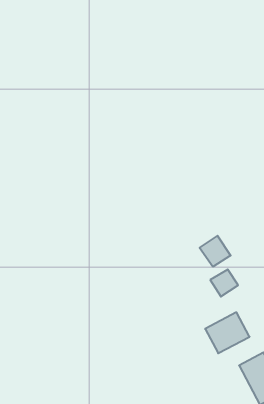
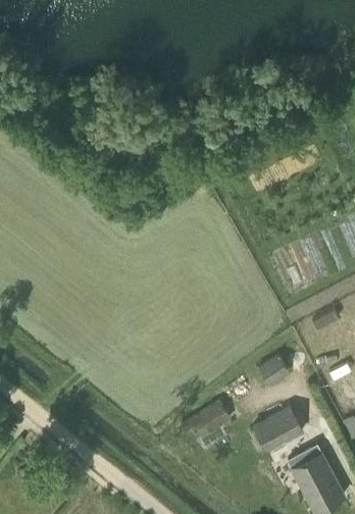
building: [200,236,231,267] -> none
building: none -> [179,401,231,439]

